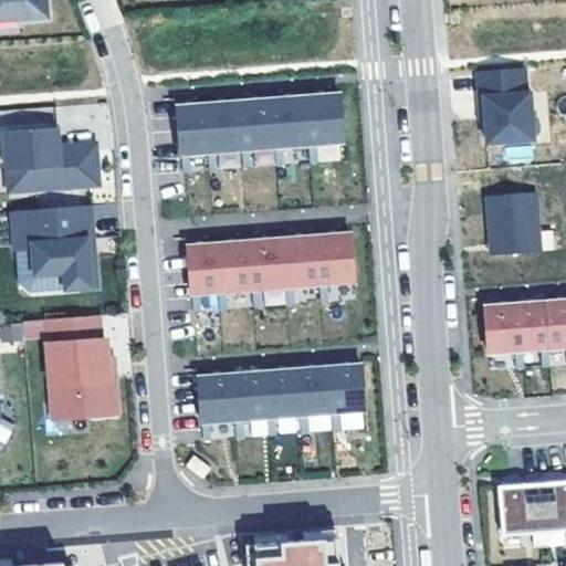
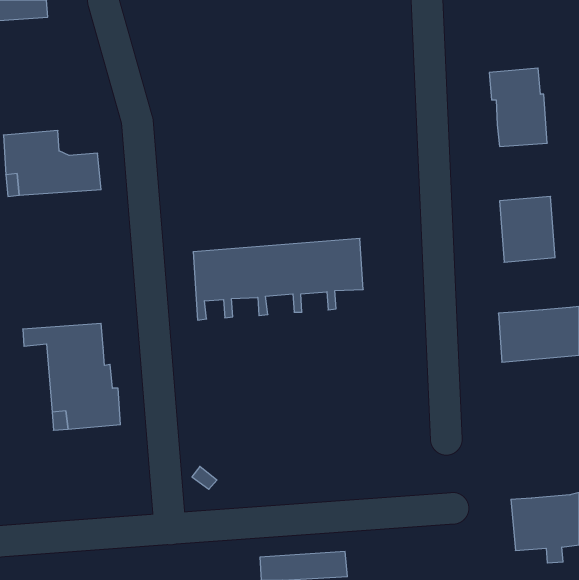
building: [177,92,344,171] -> none
building: [11,205,96,289] -> none
building: [198,363,364,439] -> none

